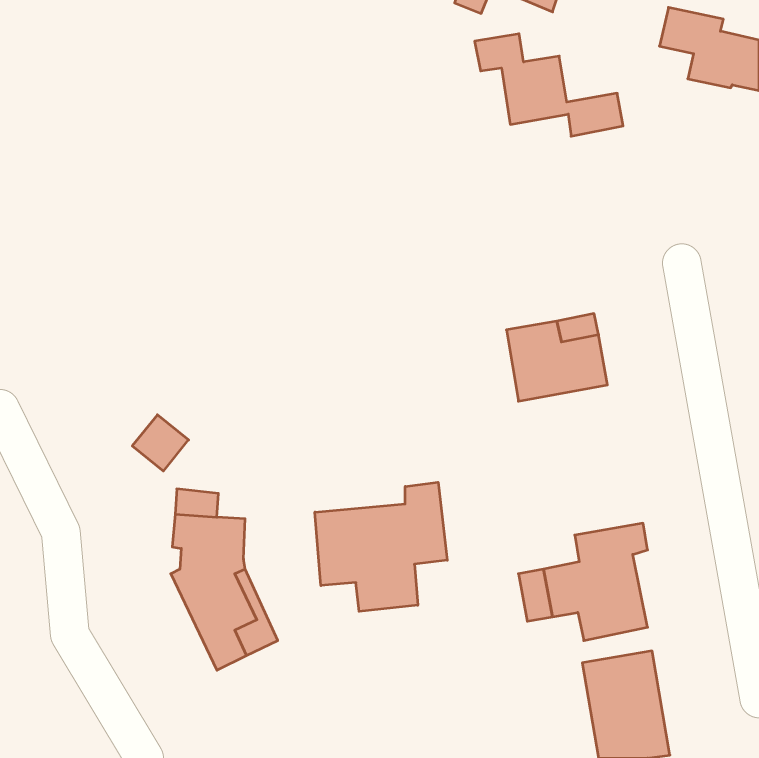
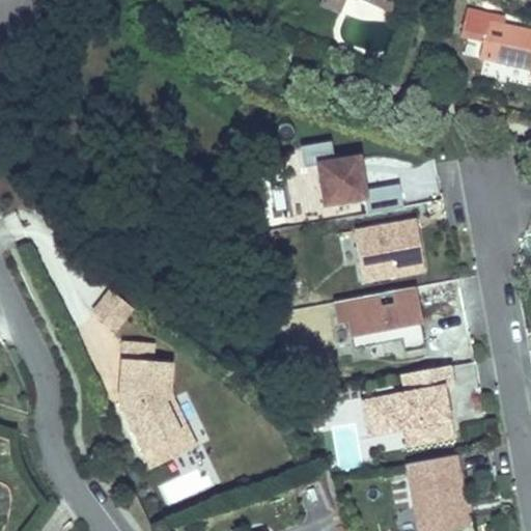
building: [475,34,623,136] -> [299,141,402,213]
building: none -> [335,286,425,352]
building: [315,482,447,611] -> none

